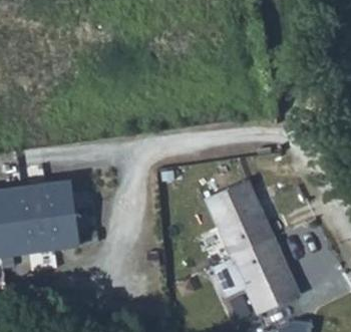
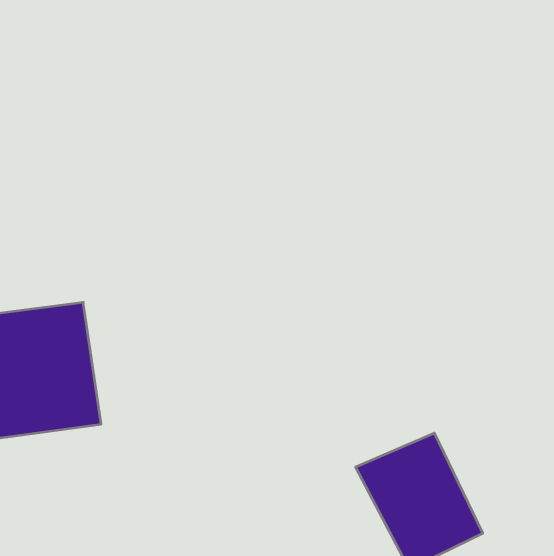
building: [205,194,277,269] -> none

